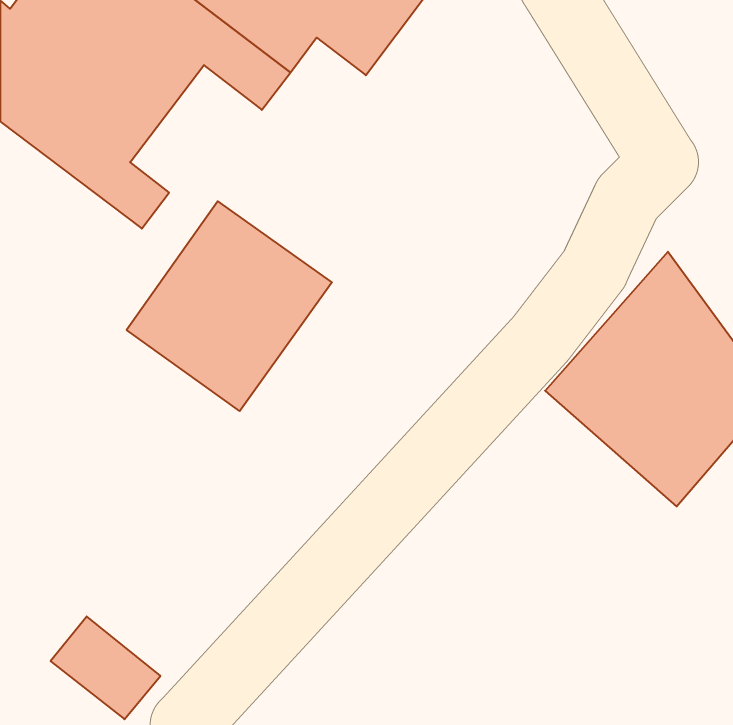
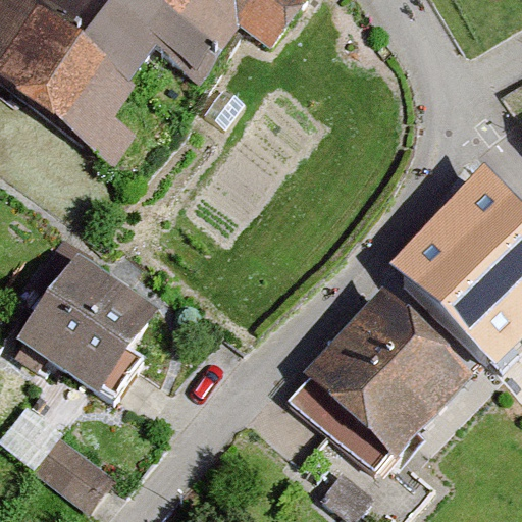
building: [127,201,332,411] -> [20,240,165,387]
building: none -> [302,298,461,455]

